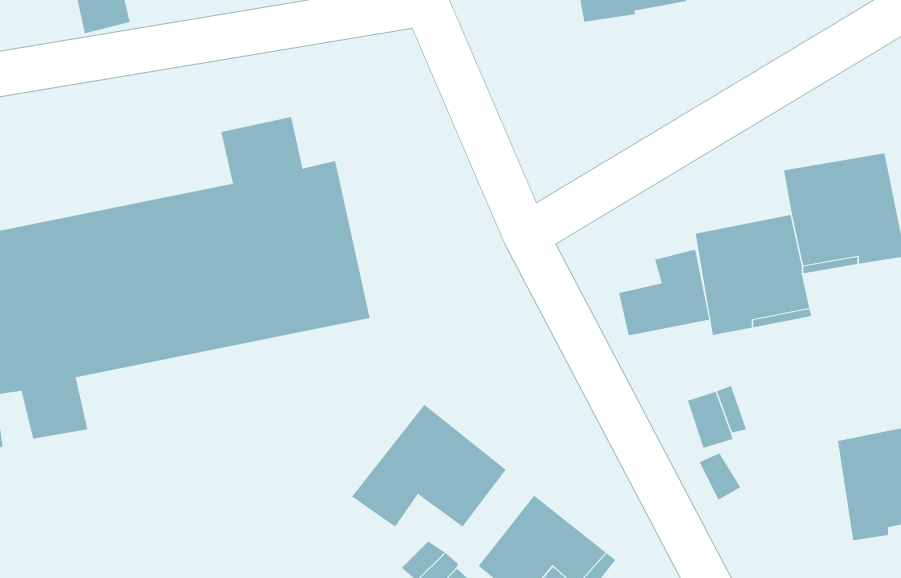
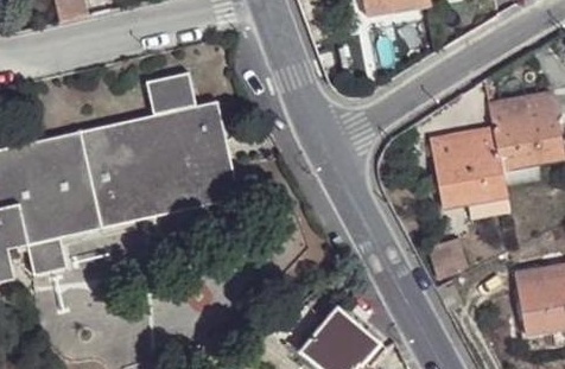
building: [619,249,710,336] -> none
building: [351,404,507,528] -> none

